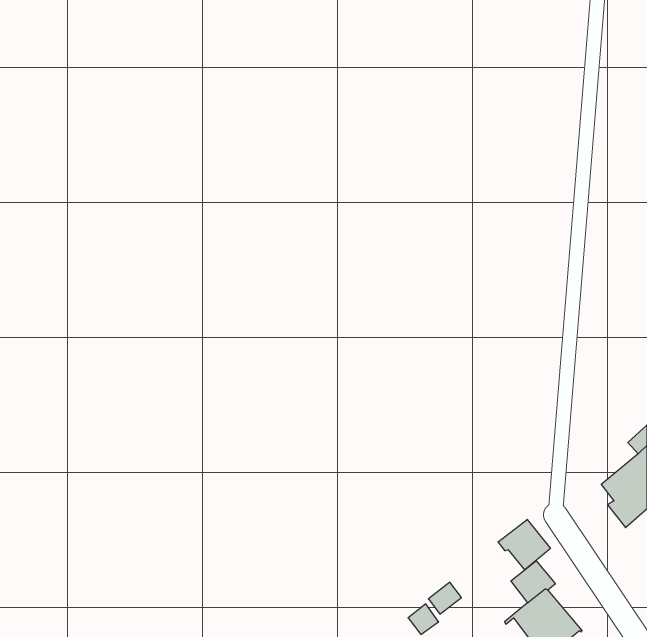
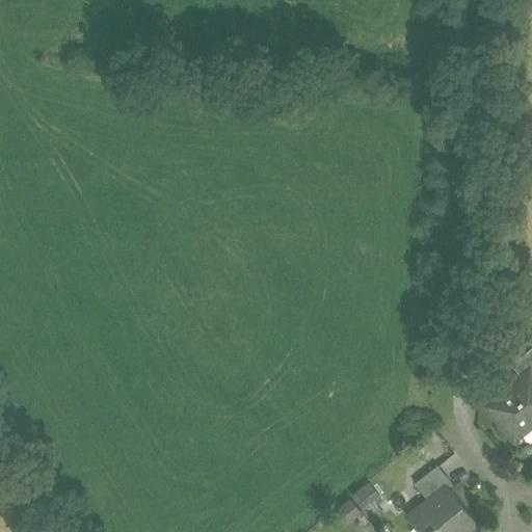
building: [498,519,550,570] -> none

